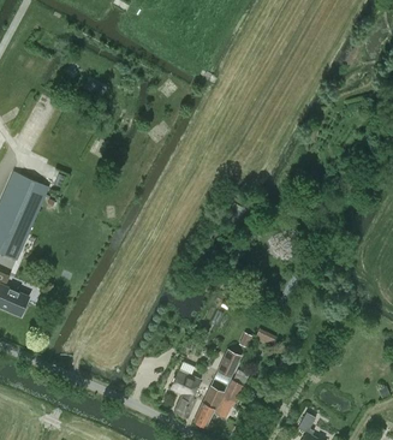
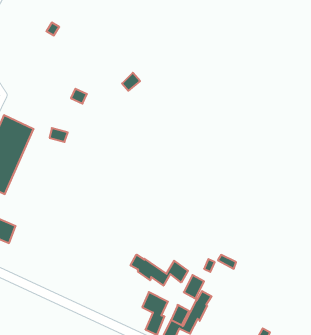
building: none -> [131,255,188,286]

